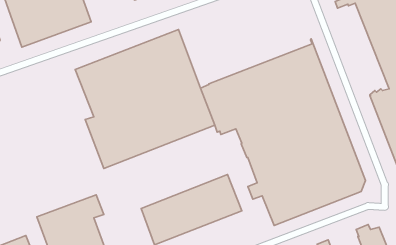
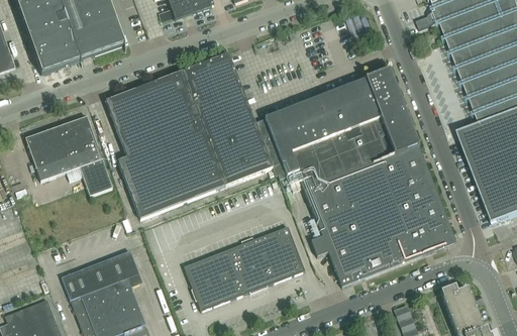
building: none -> [25,114,113,194]

